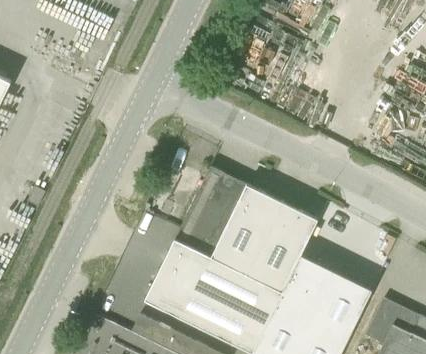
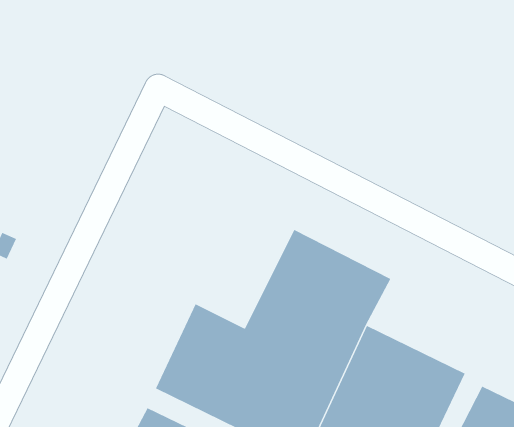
building: [175,168,247,258] -> none

